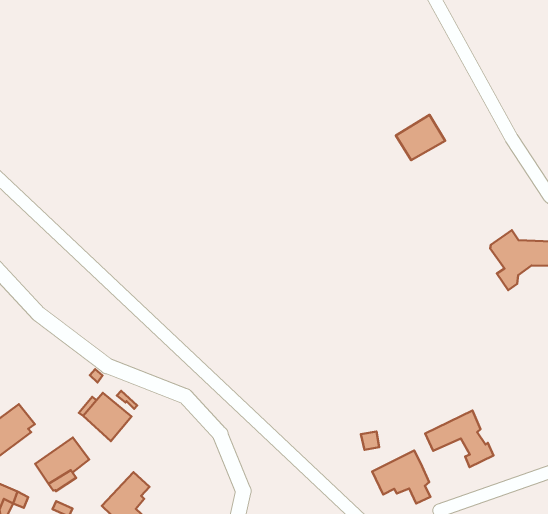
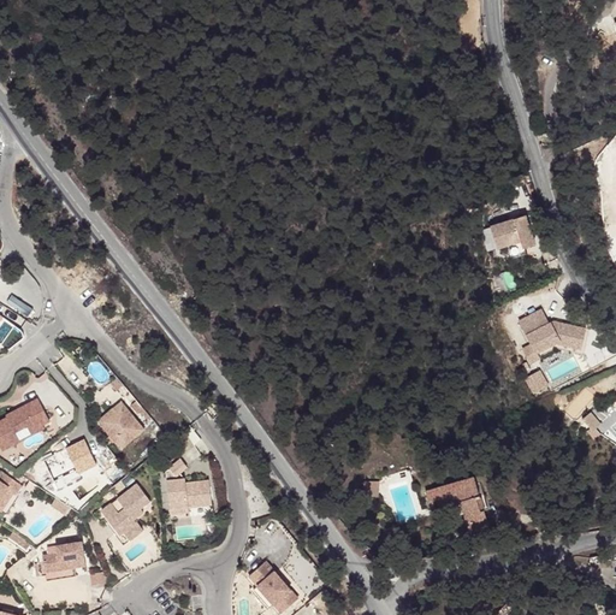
building: [396,115,445,160] -> [488,212,535,253]
building: none -> [165,463,212,513]
building: [372,451,431,503] -> none

